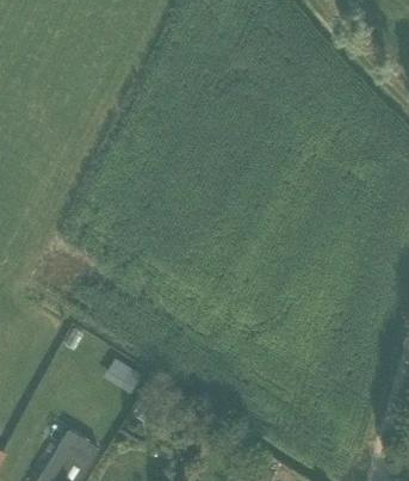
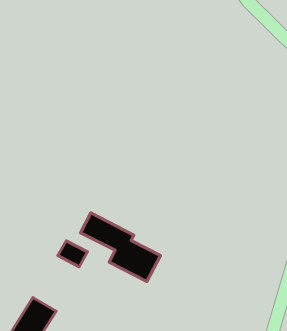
building: none -> [80,213,161,281]

